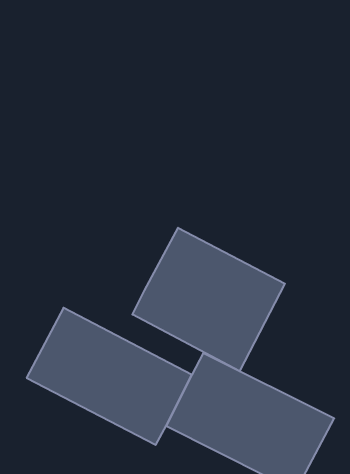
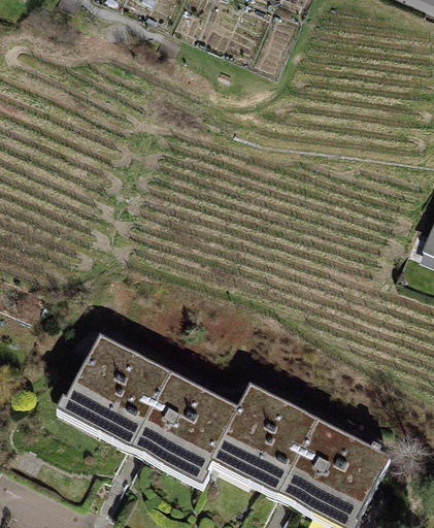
building: [132,228,285,371] -> none

